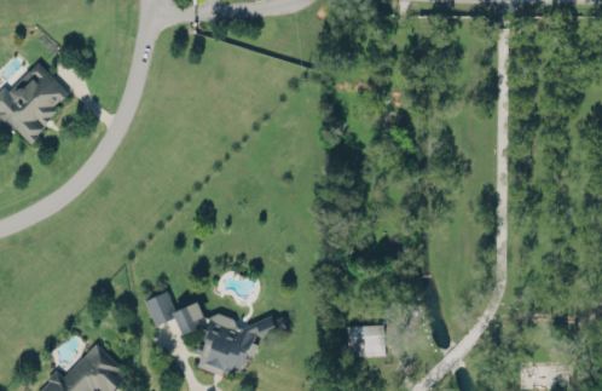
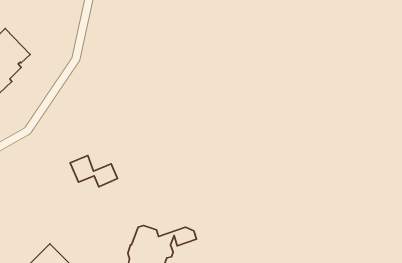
building: [145,291,207,332] -> [70,155,118,187]
building: [347,324,384,356] -> none

